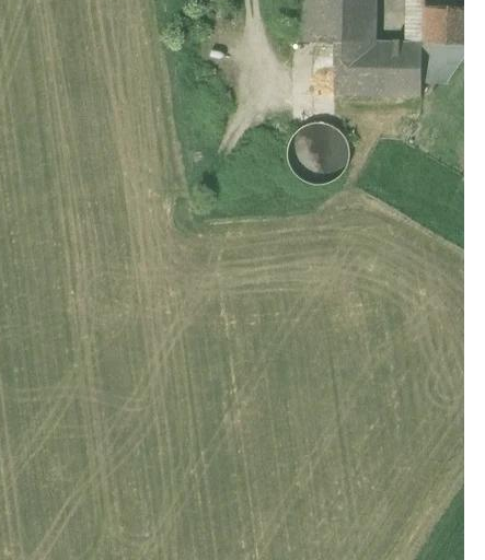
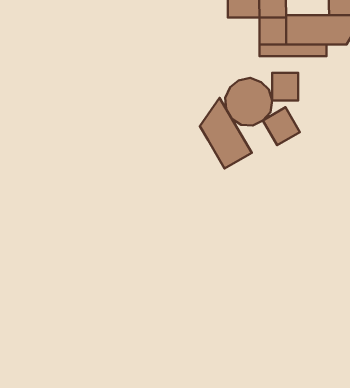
building: none -> [272,73,298,100]
building: none -> [200,98,252,169]
building: none -> [263,107,300,145]

